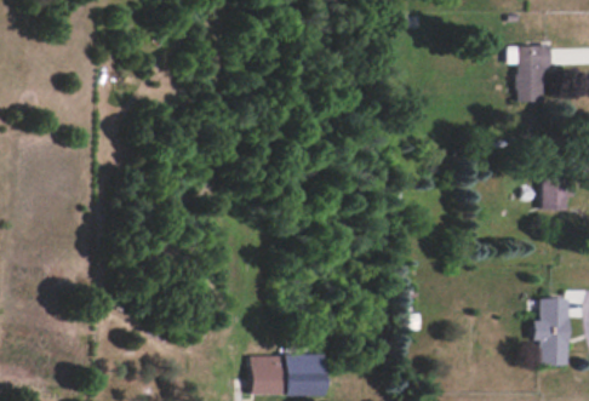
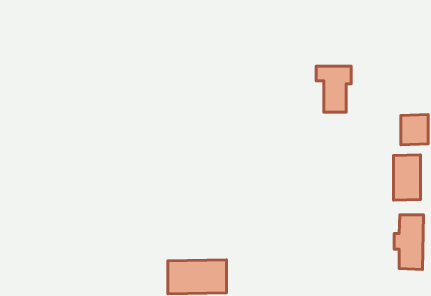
building: [507,46,550,103] -> [316,66,351,112]
building: none -> [393,155,420,200]

